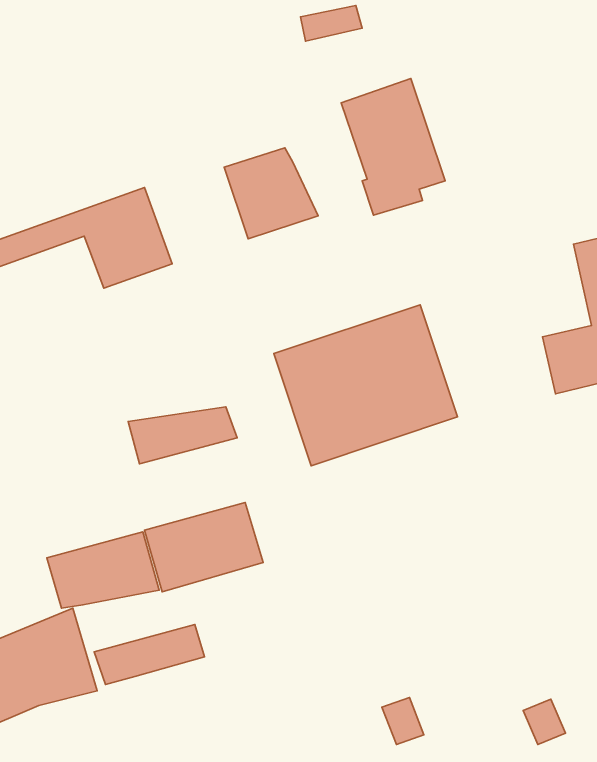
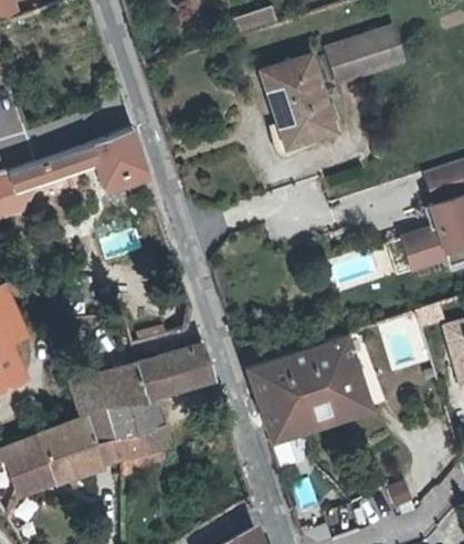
building: none -> [327,27,408,81]
building: [224,148,318,239] -> none
building: [274,305,458,466] -> [249,334,373,443]
building: [128,407,237,464] -> [89,405,164,443]

